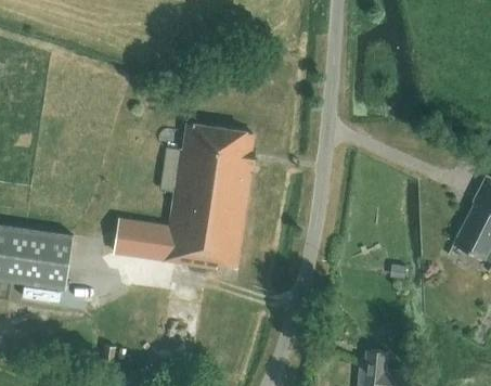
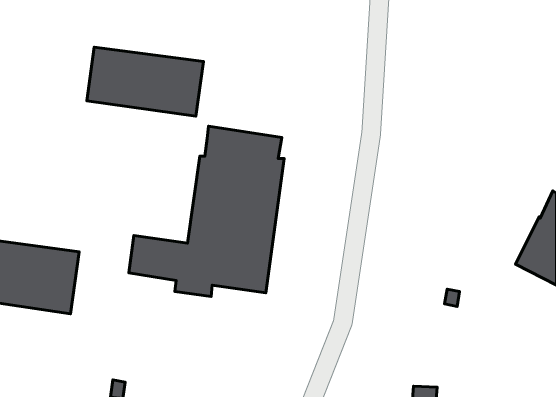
building: none -> [87,47,203,116]

